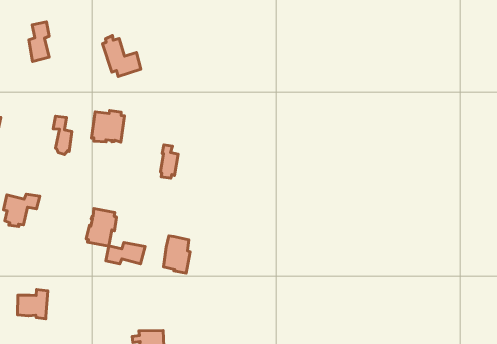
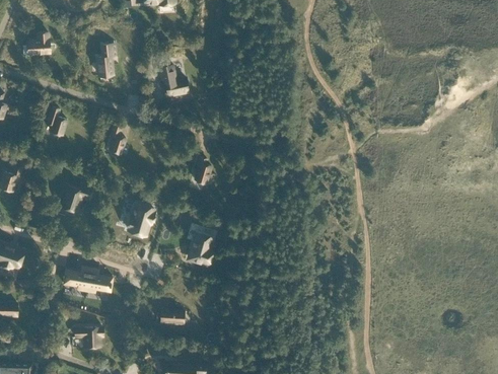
building: [92,110,124,142] -> none
building: [106,243,145,264] -> none
building: none -> [86,268,112,293]

